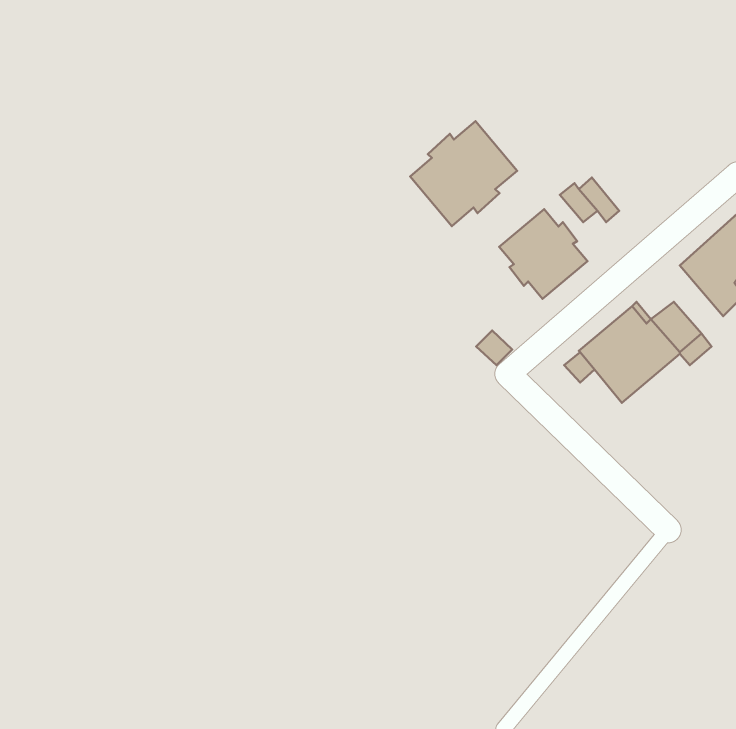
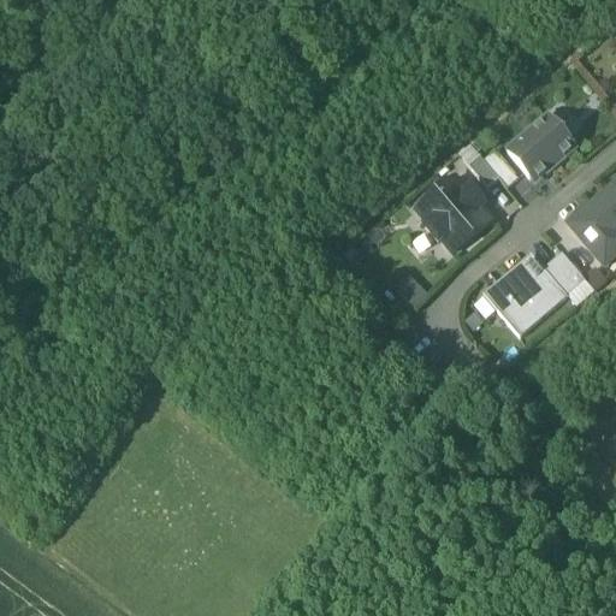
building: [410,121,517,226] -> none
building: none -> [507,112,576,180]

